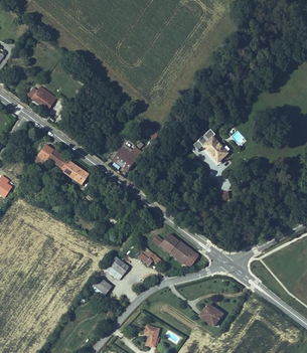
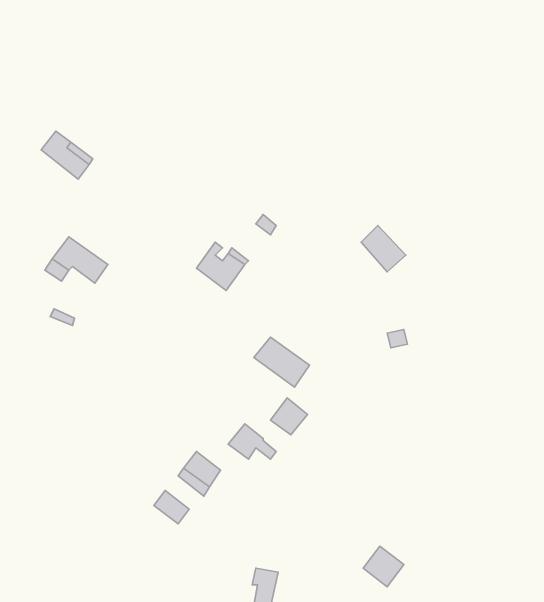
building: [58,156,89,183] -> none
building: [166,237,196,264] -> [254,337,309,387]

